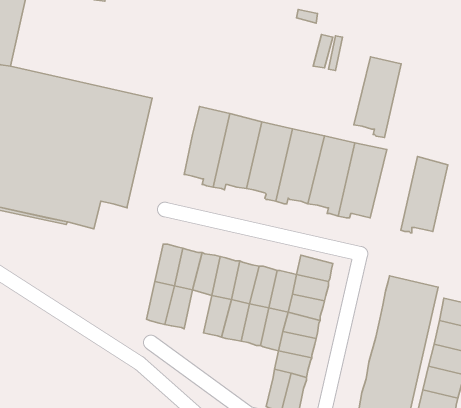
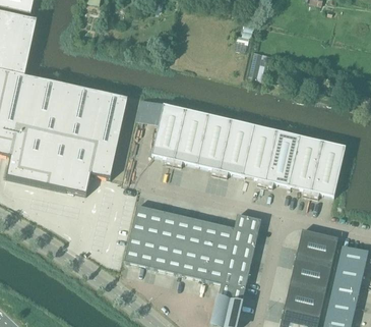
building: [354,57,401,137] -> [288,135,322,195]
building: none -> [136,97,163,124]
building: none -> [151,238,172,270]

